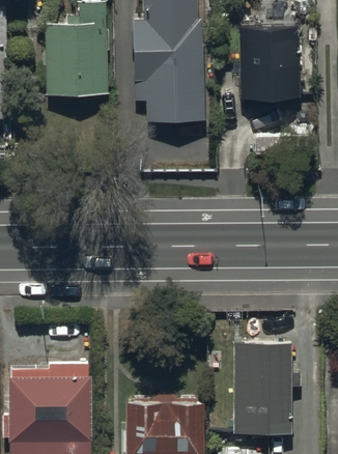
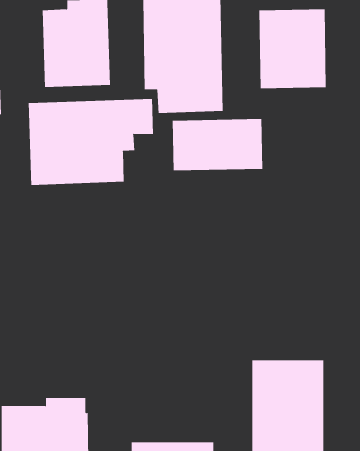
building: none -> [28,98,154,186]
building: none -> [172,118,263,171]

